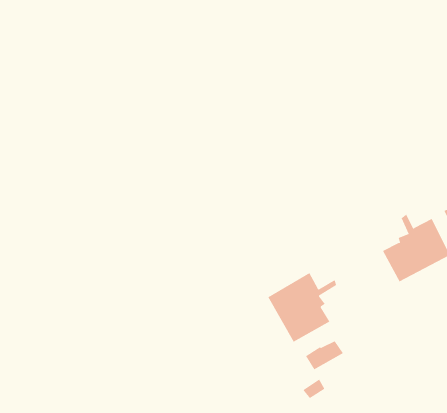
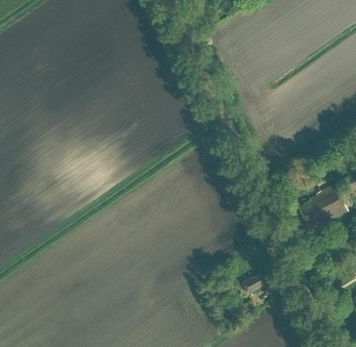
building: [268,272,337,342] -> none

